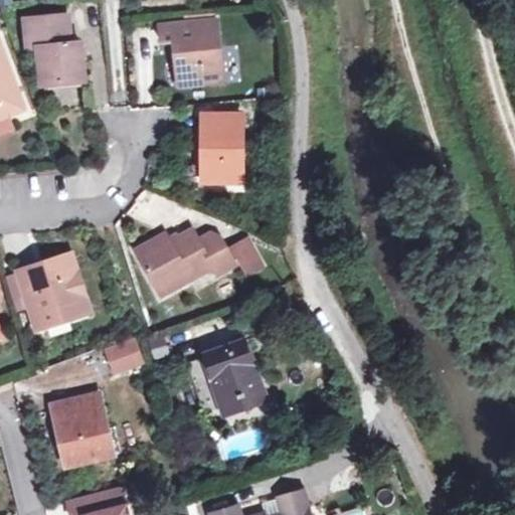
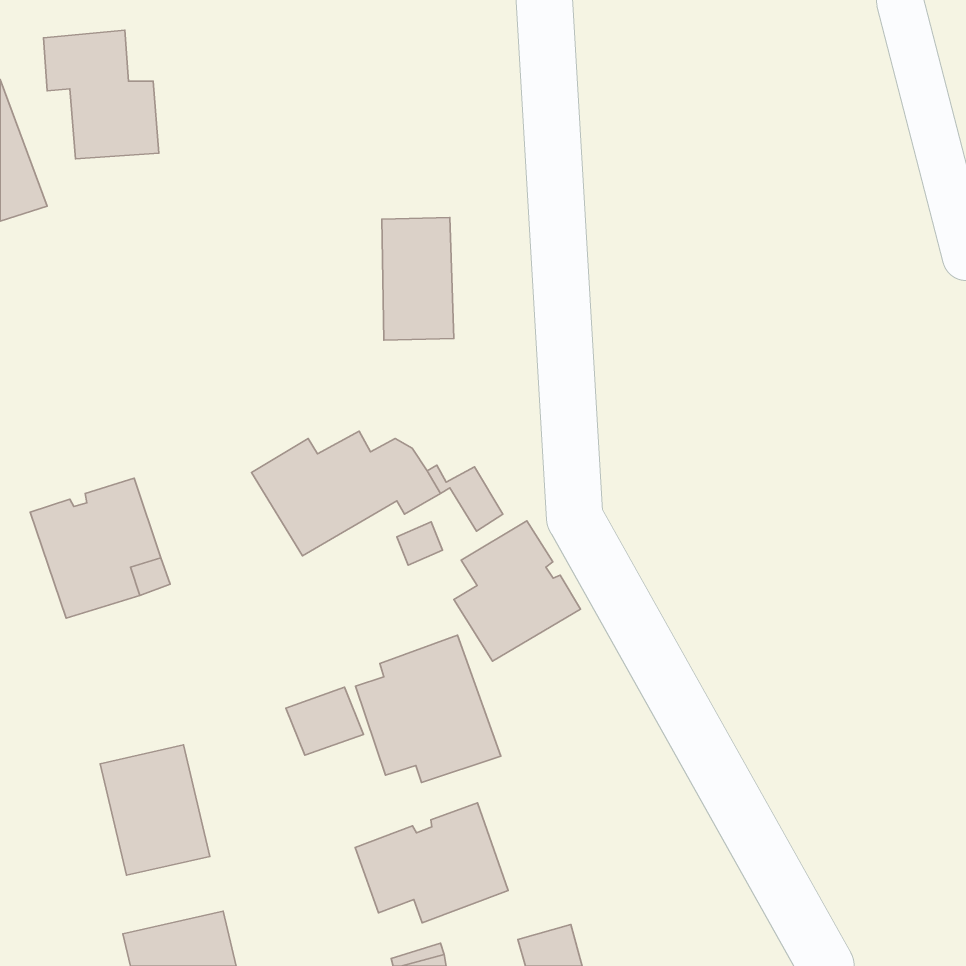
building: [161,19,222,83] -> none
building: none -> [454,521,581,661]
building: [105,339,146,375] -> [286,687,363,755]
building: none -> [355,803,508,923]

